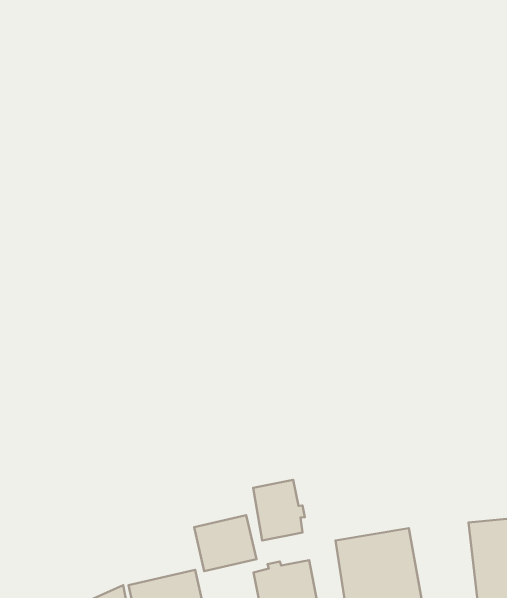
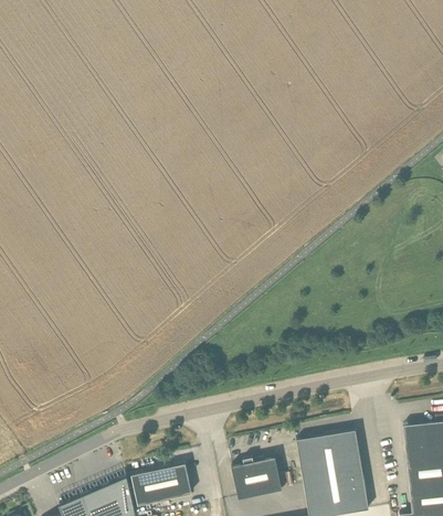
building: [253,480,305,540] -> none
building: [194,515,256,571] -> none

